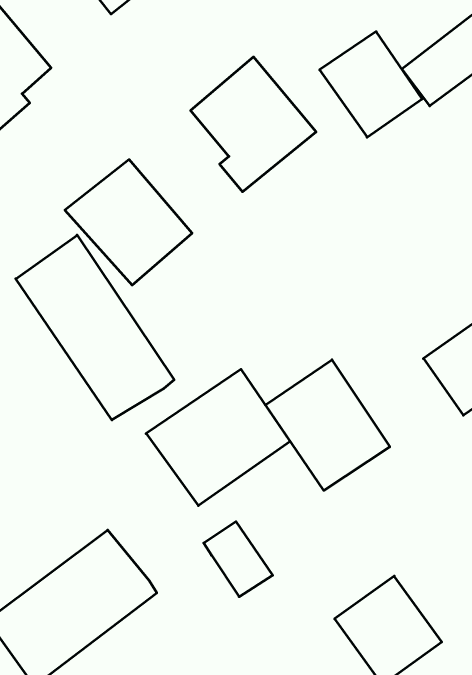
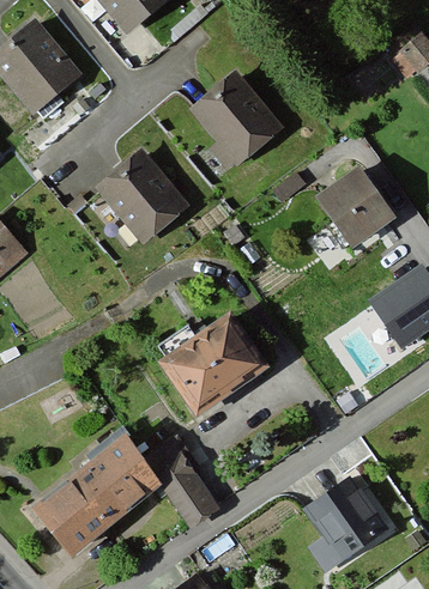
building: [320,32,422,137] -> [314,162,394,244]
building: [16,235,174,420] -> none
building: [265,360,390,490] -> none
building: [204,522,273,597] -> [157,459,211,517]

